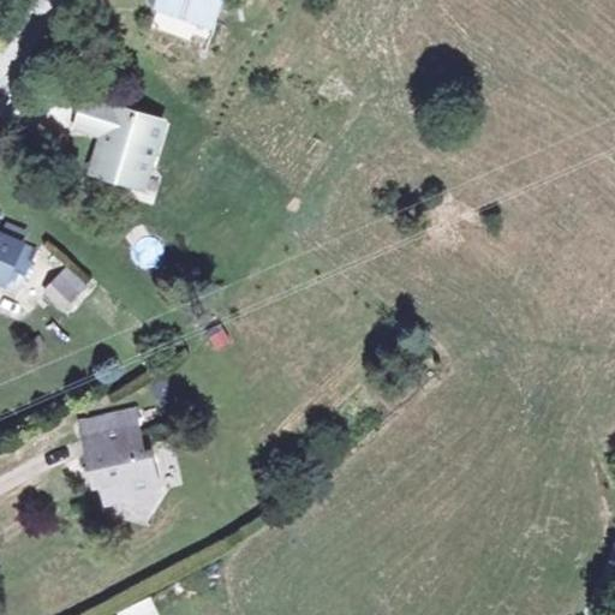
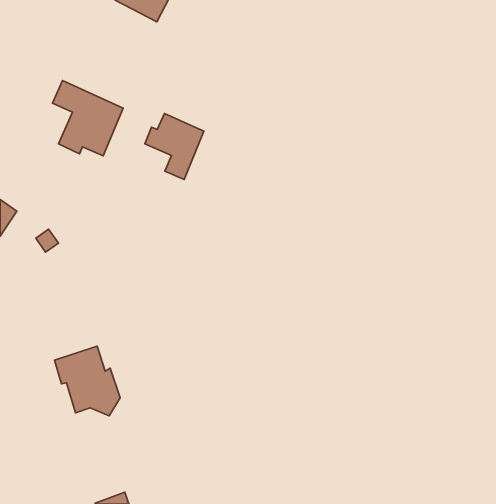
building: none -> [145,113,204,180]

